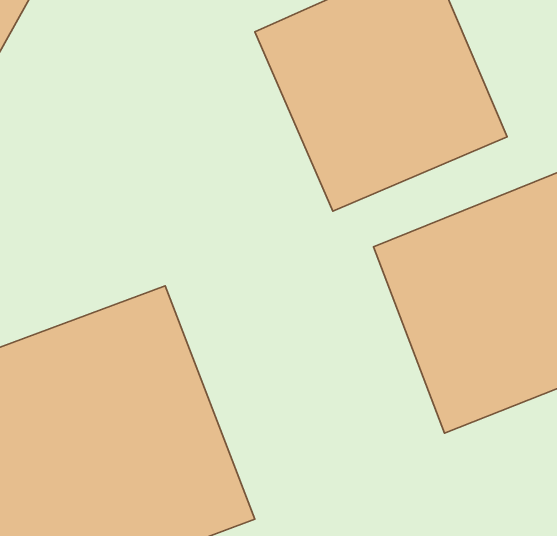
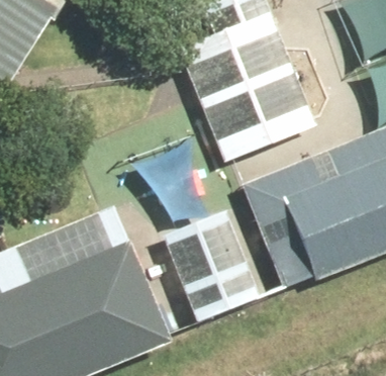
building: none -> [155,212,264,328]

